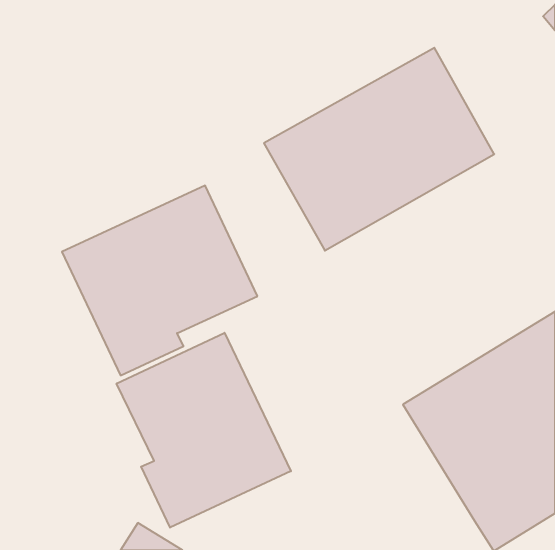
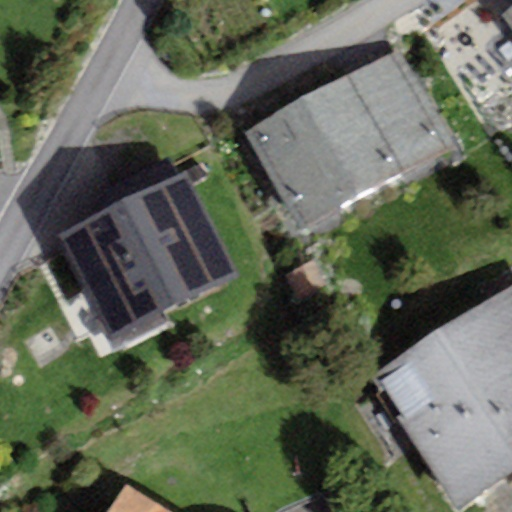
building: [117,333,291,528] -> none

